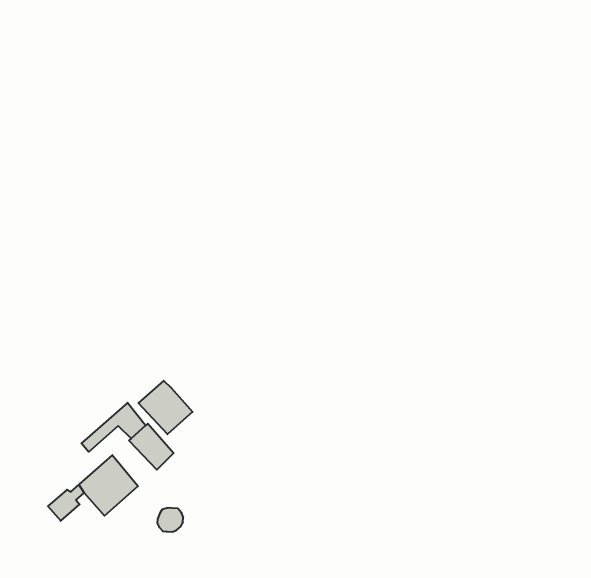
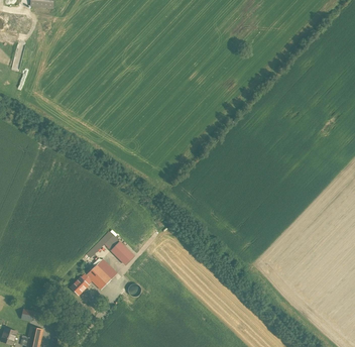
building: [138,381,193,434] -> none

